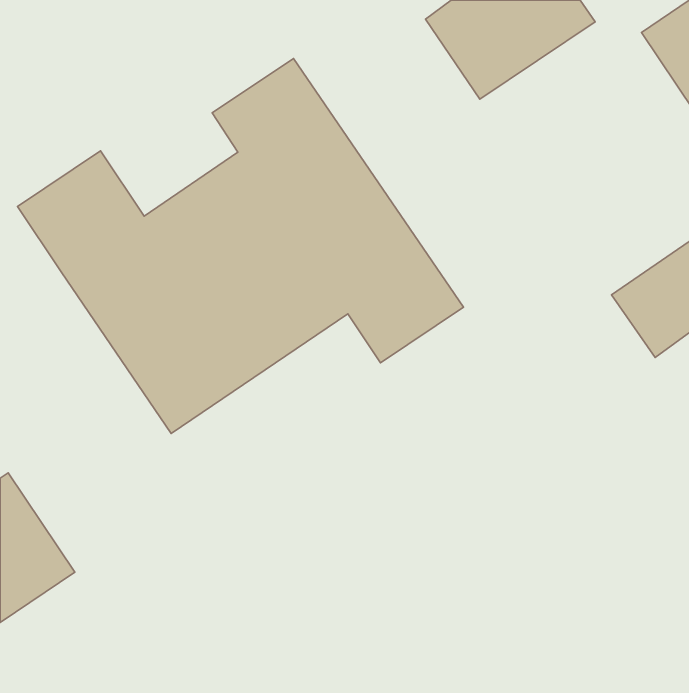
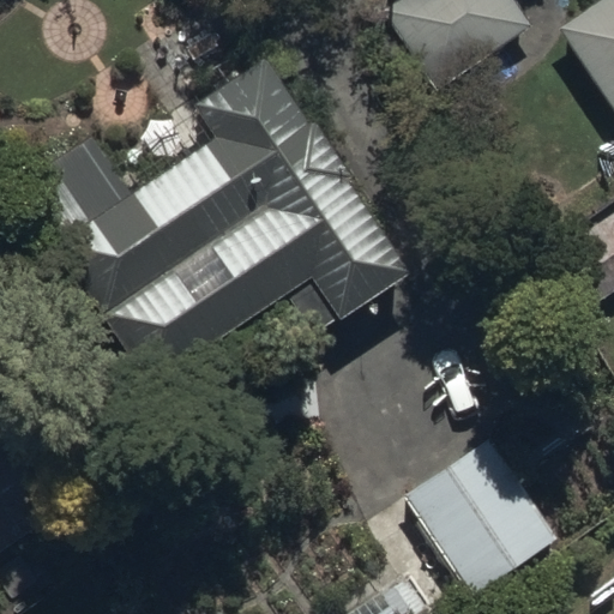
building: none -> [407,437,559,591]

